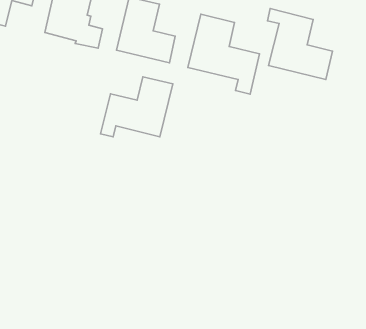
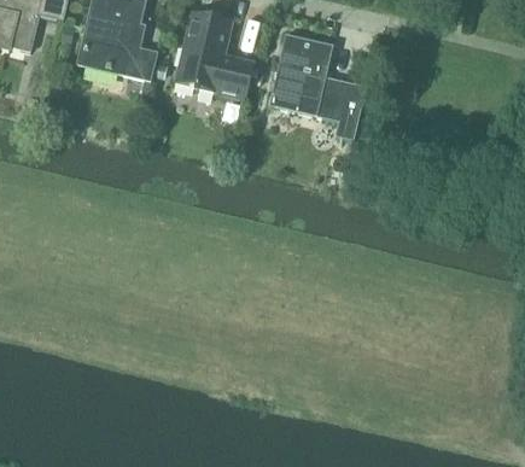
building: [267,8,333,79] -> none
building: [100,77,173,137] -> none

